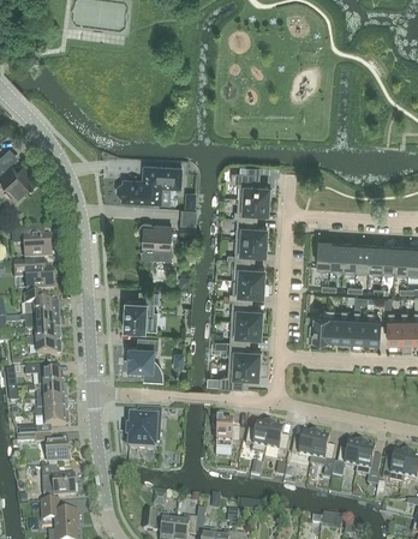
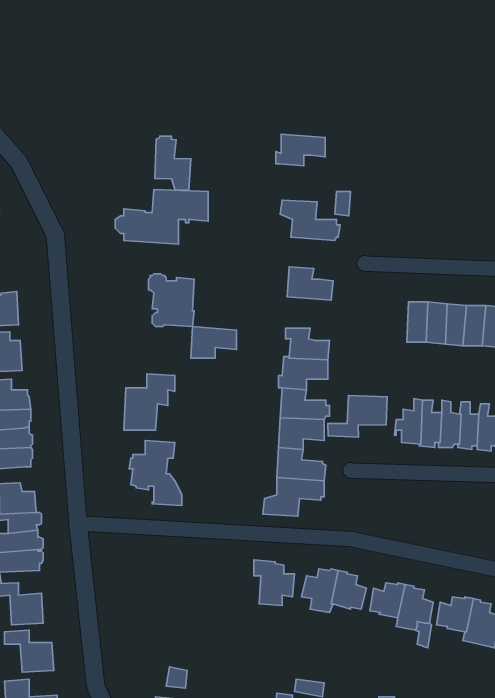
building: none -> [155,136,191,190]
building: [234,196,268,217] -> [276,134,325,166]
building: [234,236,265,258] -> [191,327,236,358]
building: none -> [328,396,387,437]
building: [127,407,161,448] -> none

